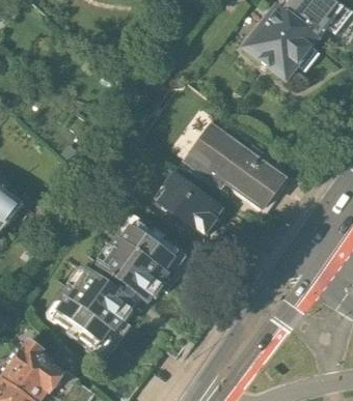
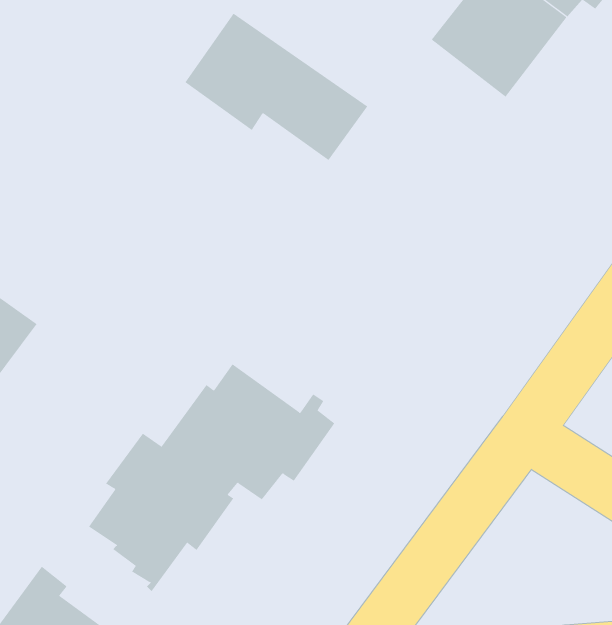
building: [184,124,286,206] -> [185,13,368,161]
building: [157,169,221,231] -> none

